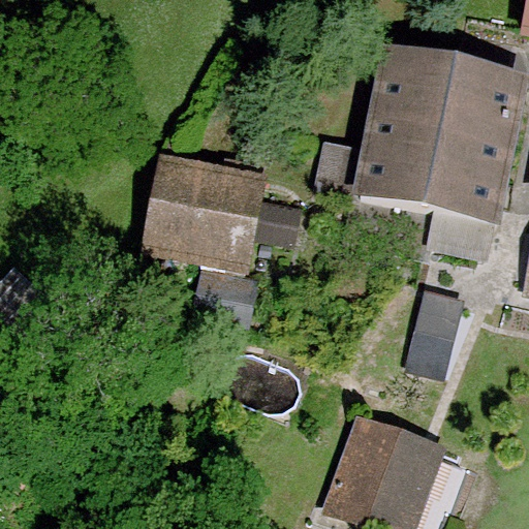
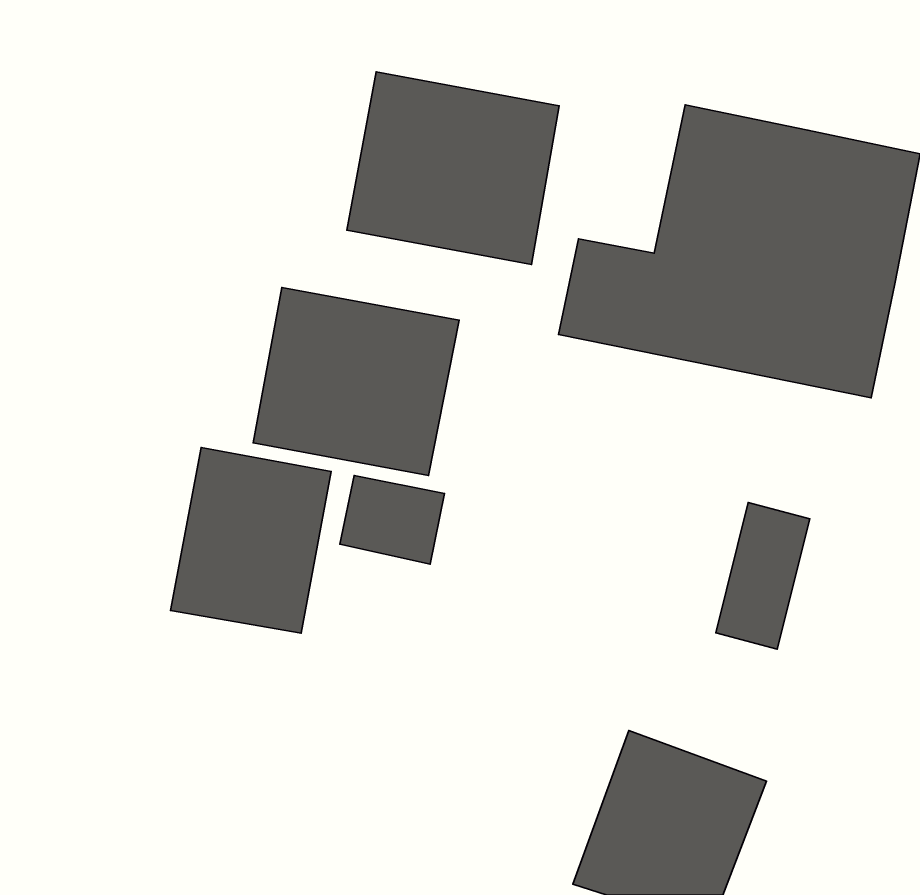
building: none -> [347,72,559,265]
building: none -> [171,447,331,633]

